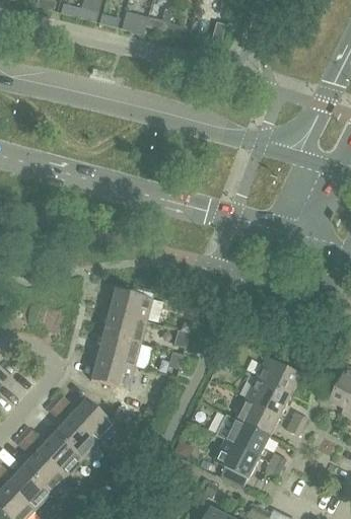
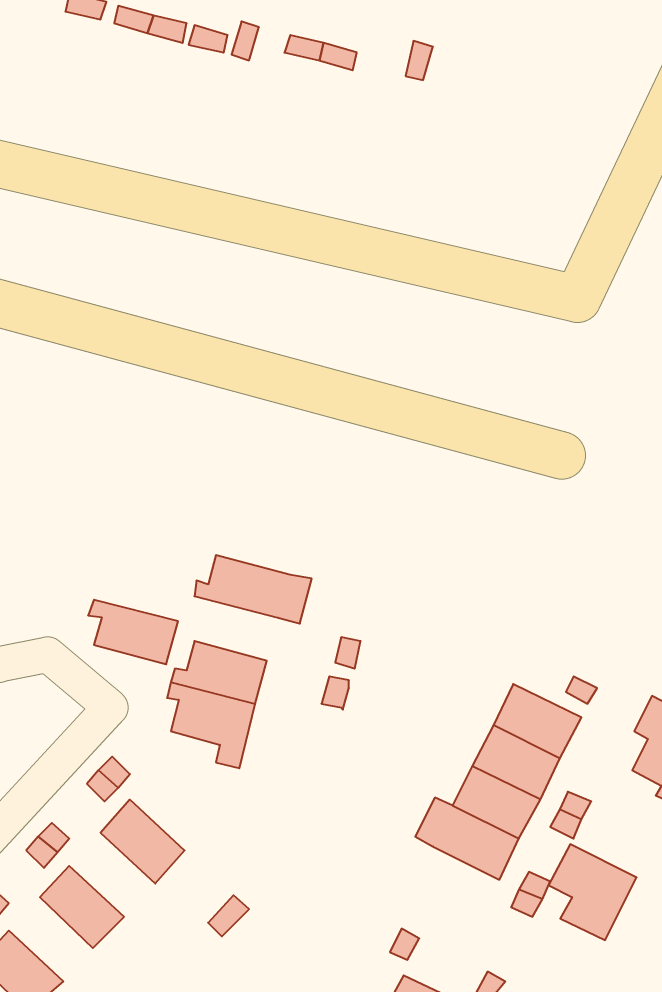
building: [99,309,146,343] -> [88,600,178,664]
building: [69,397,114,441] -> none
building: [38,432,82,475] -> none
building: [215,439,261,489] -> [549,844,637,940]
building: [6,465,50,509] -> none

